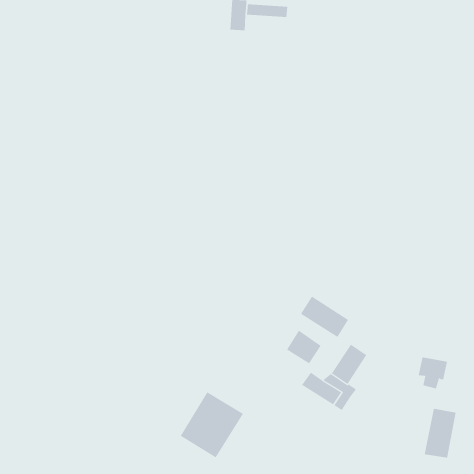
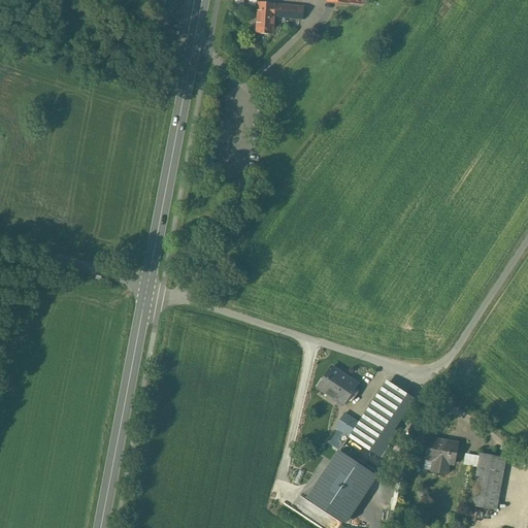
building: [300,296,349,338] -> none
building: [418,357,448,389] -> [426,438,459,474]
building: [180,391,244,458] -> [305,448,376,522]

